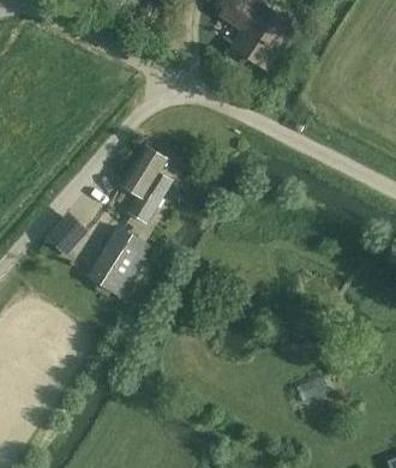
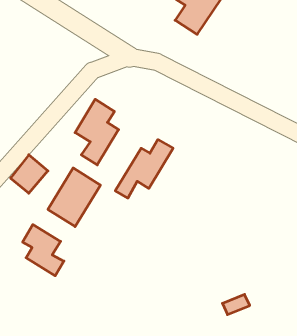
building: none -> [115,140,173,198]
building: none -> [23,225,64,276]

